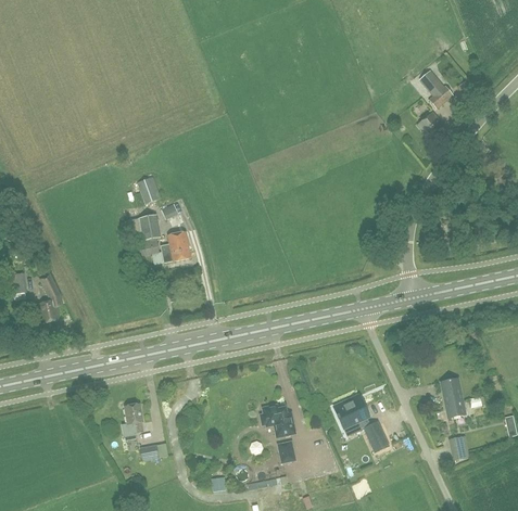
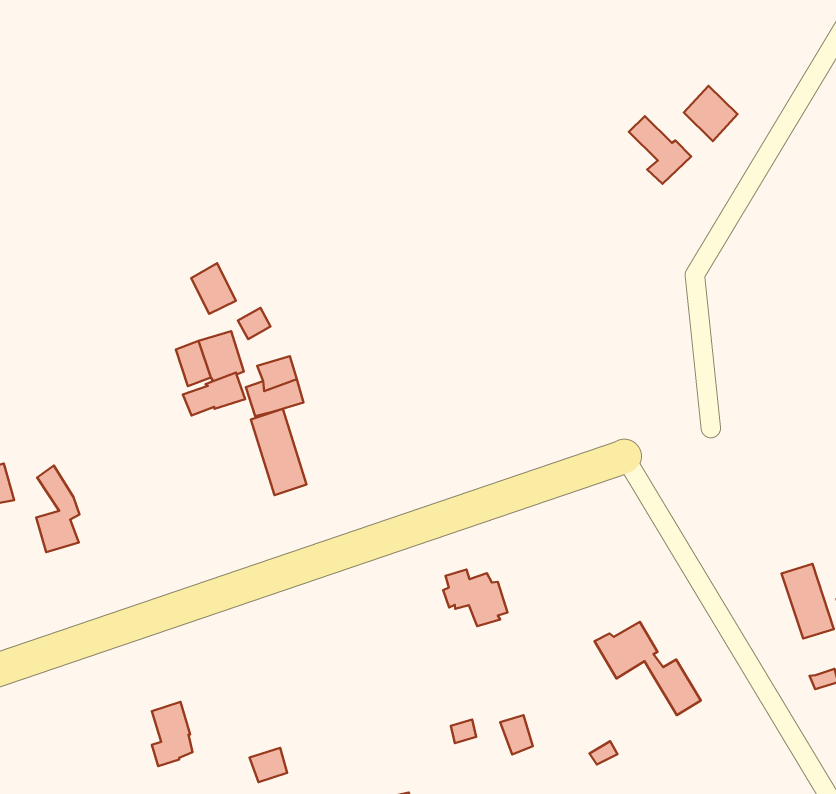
building: [420,69,453,107] -> [629,116,691,184]
building: none -> [251,409,307,495]
building: [122,403,143,436] -> [152,702,192,766]
building: [261,405,294,436] -> [443,570,507,626]

